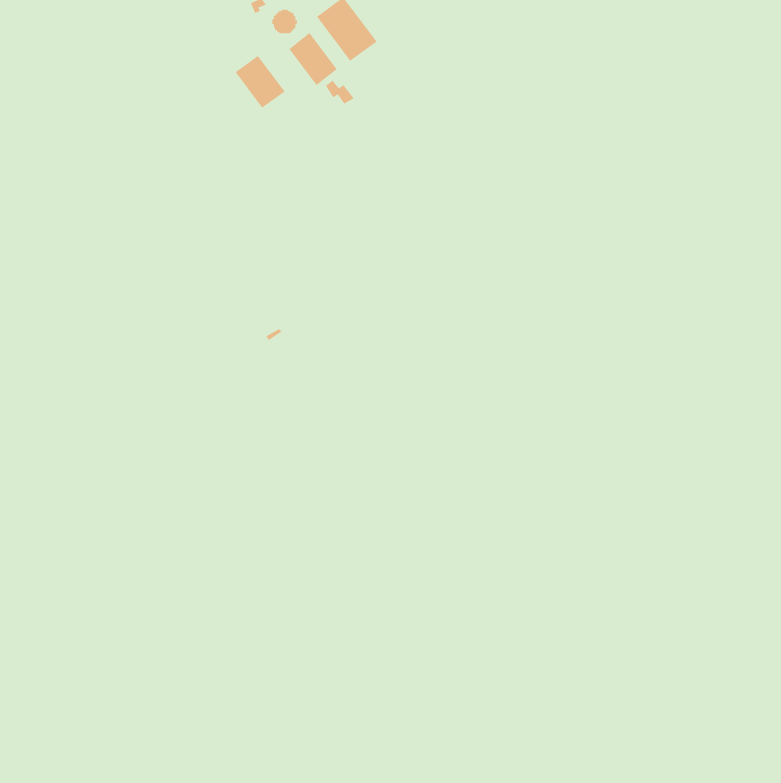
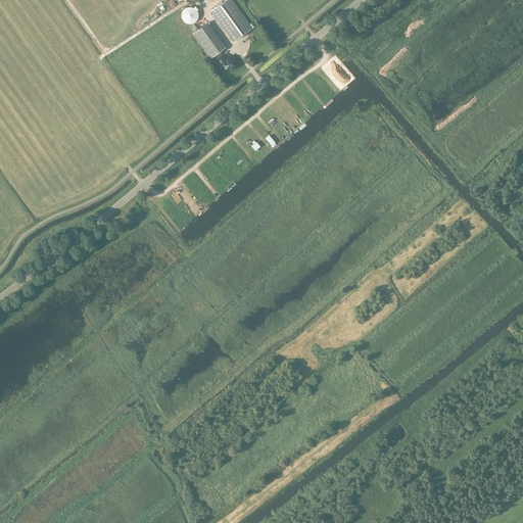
building: [235,55,285,109] -> none

